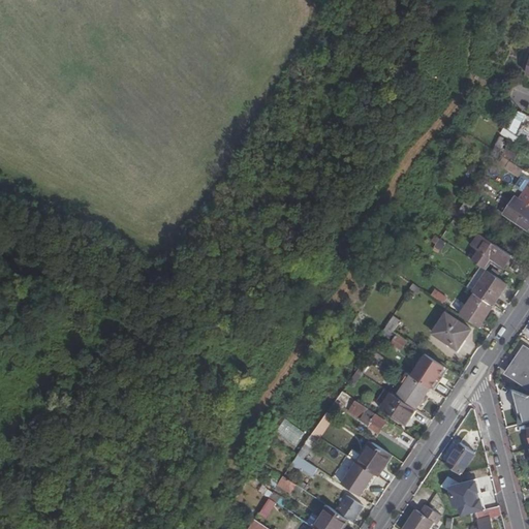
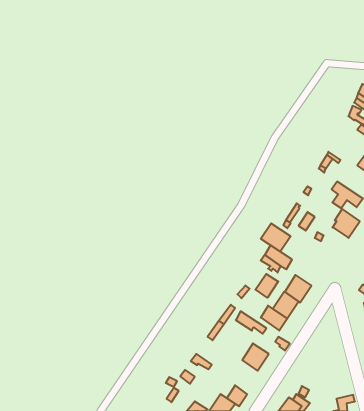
building: [458,292,492,326] -> none
building: [431,313,469,349] -> [261,223,291,252]
building: none -> [255,274,278,298]
building: [444,443,474,475] -> none
building: [340,462,375,496] -> none
building: [447,478,473,506] -> none

